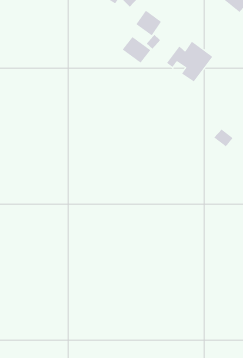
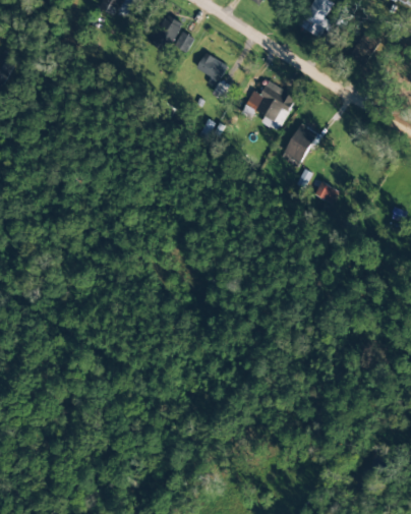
building: [122,36,151,63] -> none
building: none -> [284,122,321,162]

